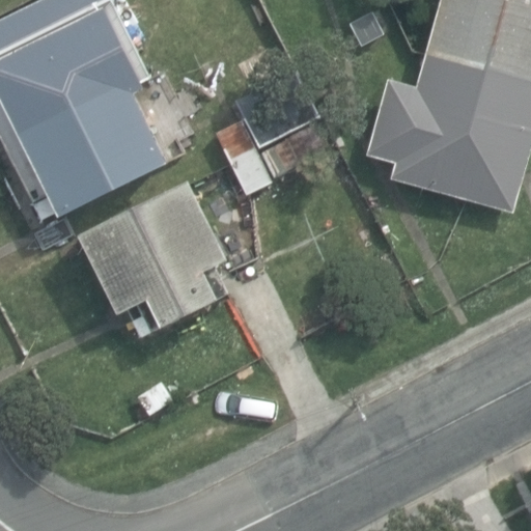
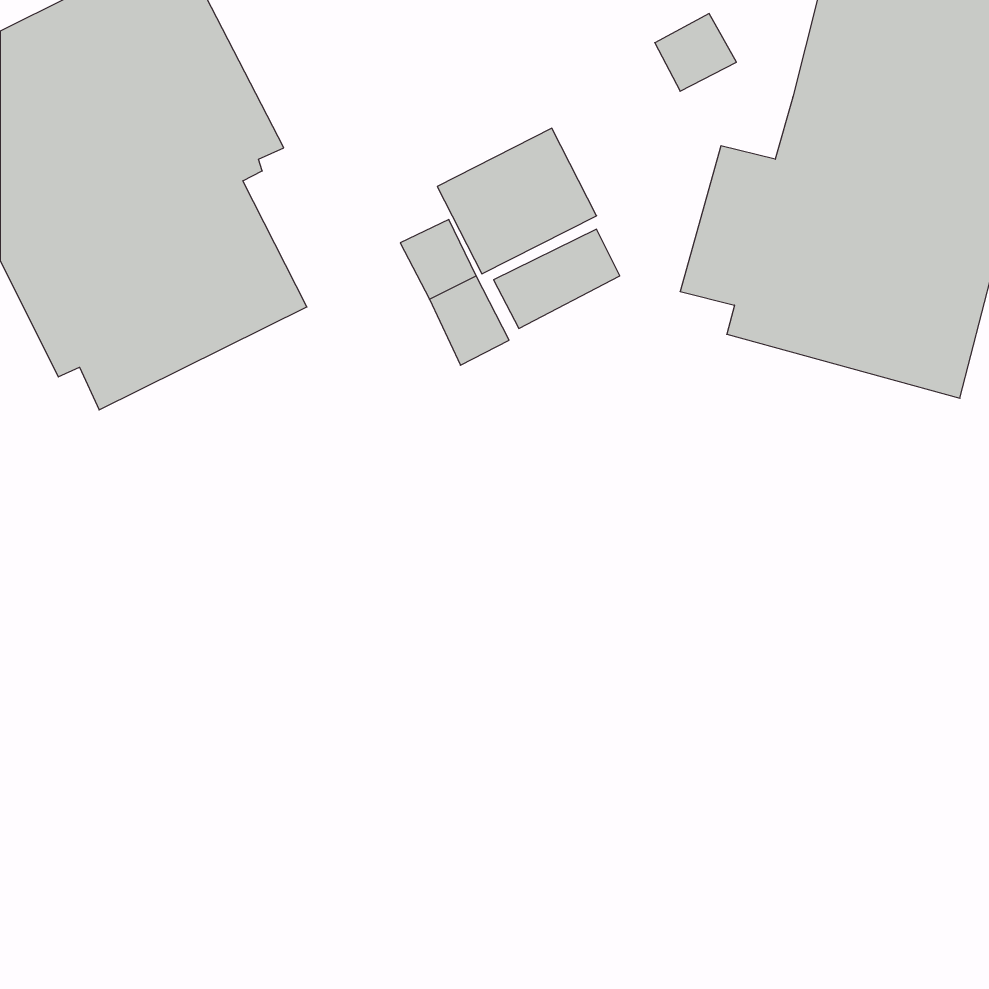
building: [74,181,225,331] -> none

